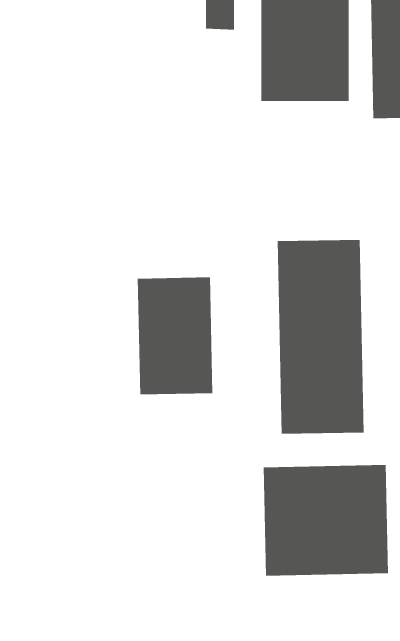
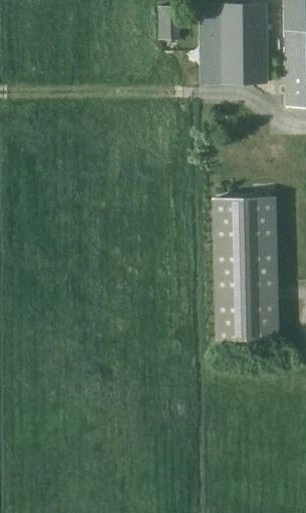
building: [137,277,213,395] -> none
building: [263,464,389,576] -> none

